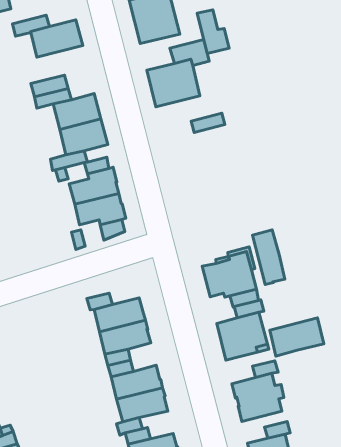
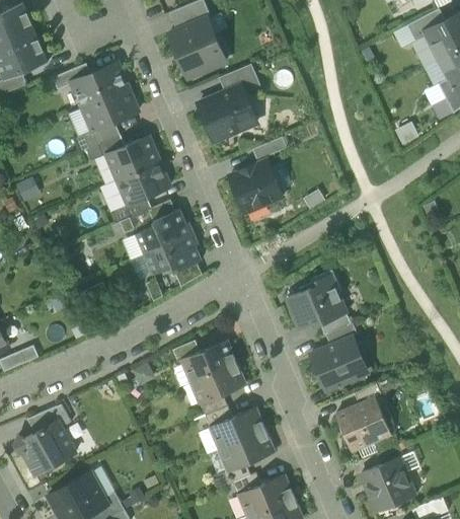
building: [197,10,229,54] -> none
building: none -> [83,90,138,133]
building: none -> [229,162,284,214]
building: [252,230,285,285] -> none
building: [270,318,324,356] -> none

